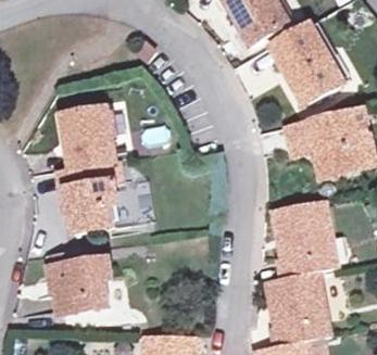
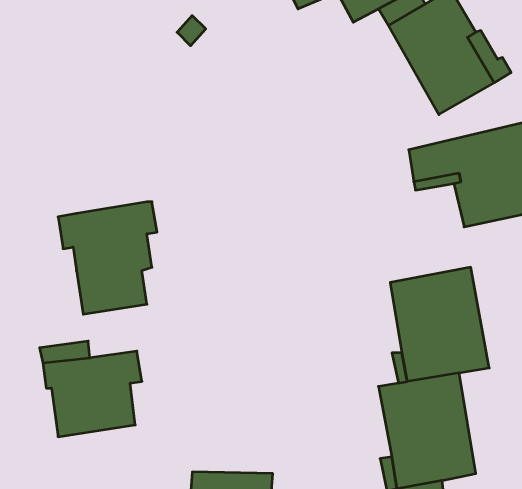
building: [60,106,114,168] -> none

